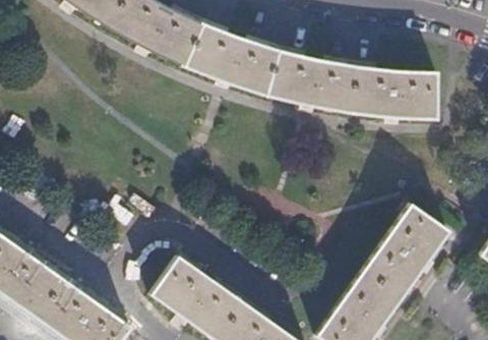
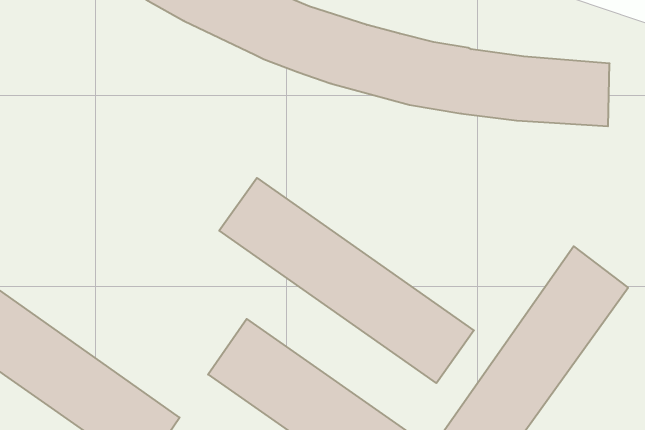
building: none -> [219,178,474,383]

